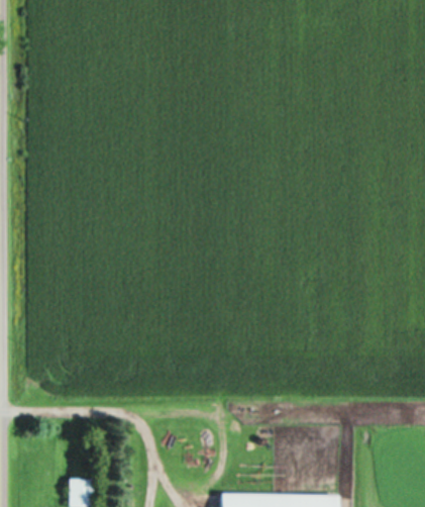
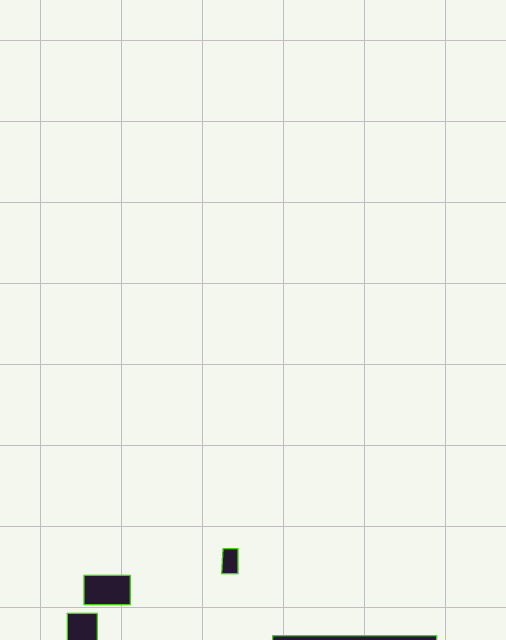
building: none -> [84,575,130,605]

